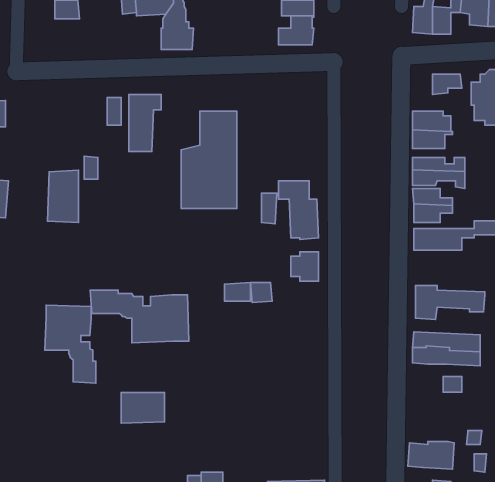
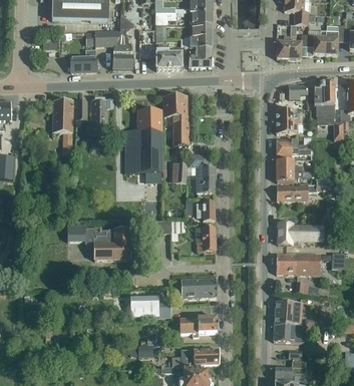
building: none -> [153,47,182,69]
building: none -> [70,49,96,71]
building: none -> [163,95,189,145]
building: [48,170,78,223] -> [52,99,72,133]
building: none -> [196,226,216,251]
building: [45,305,96,383] -> none
building: none -> [181,278,217,297]
building: [121,392,164,423] -> [130,297,158,317]
building: none -> [274,302,302,326]
building: none -> [179,317,218,336]

